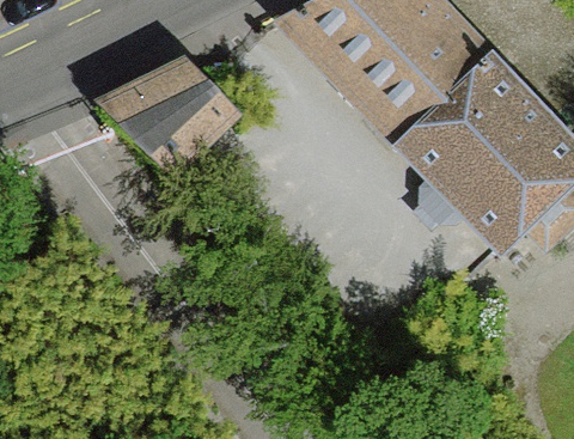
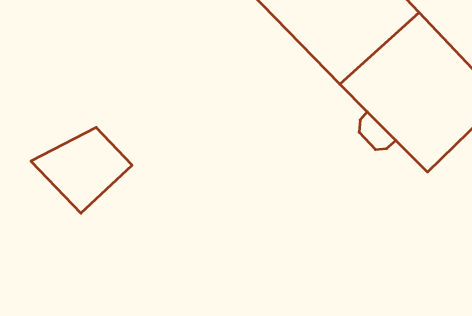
building: [110,66,228,166] -> [31,127,132,213]

